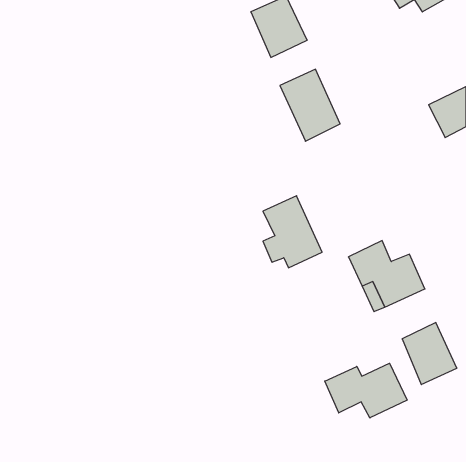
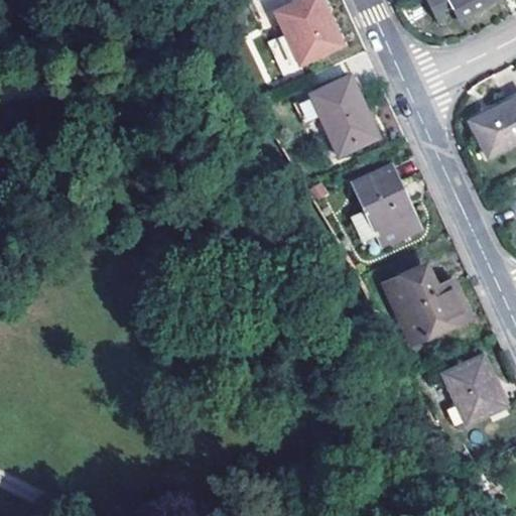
building: [263,196,322,268] -> [352,165,417,245]
building: [325,363,407,418] -> none

